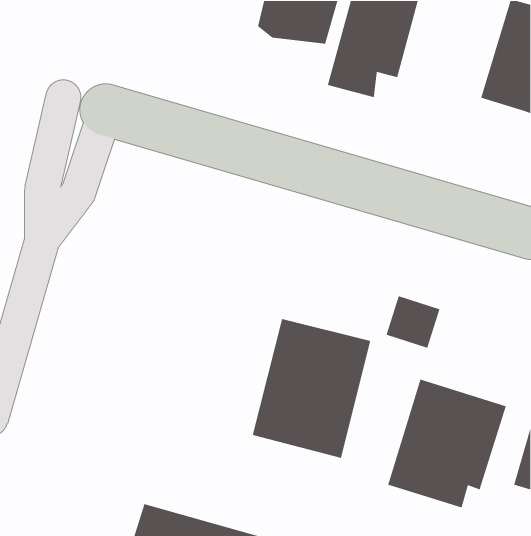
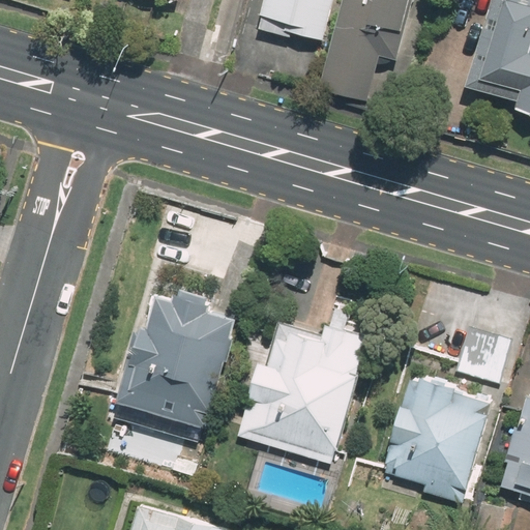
building: none -> [116,286,242,430]
building: [385,295,440,349] -> [451,328,505,381]

